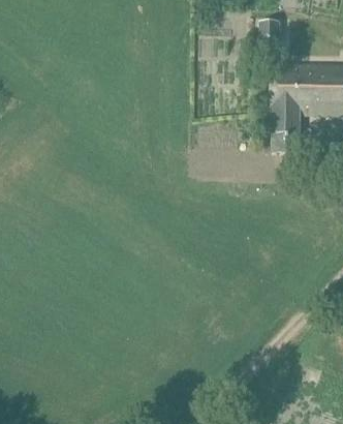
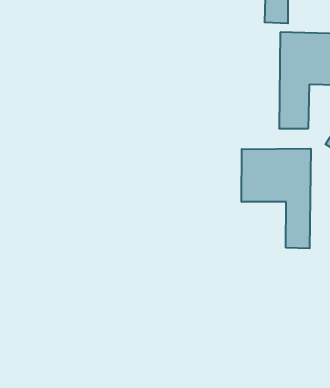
building: none -> [242,149,311,248]

